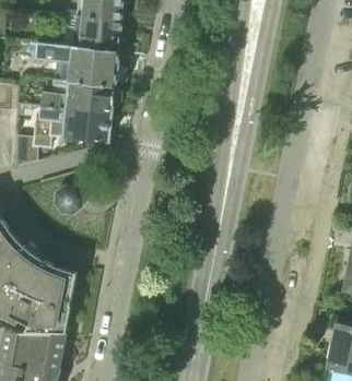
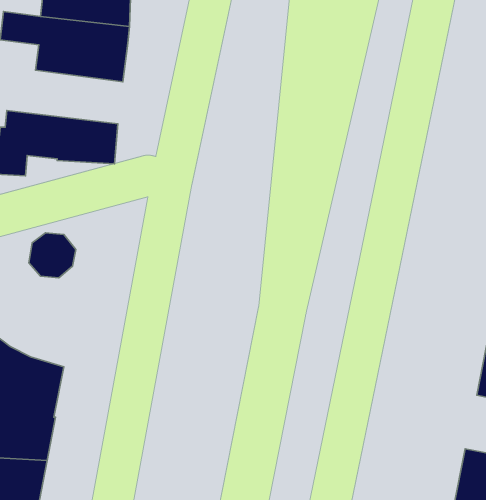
building: [38,79,114,114] -> none

